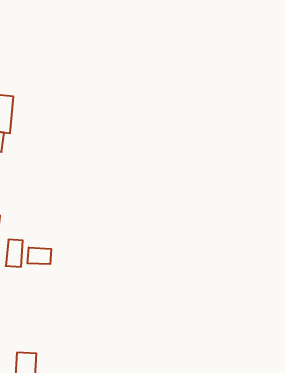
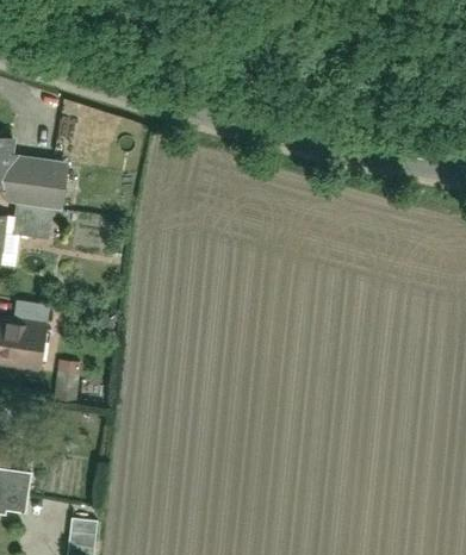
building: [28,247,51,264] -> none

